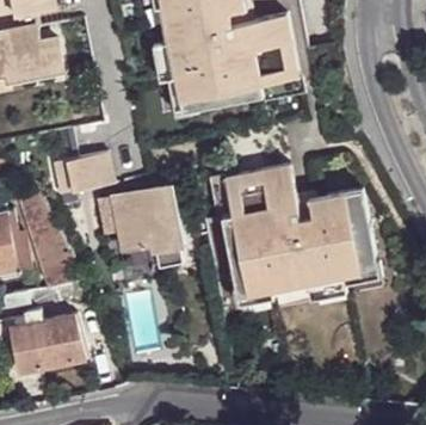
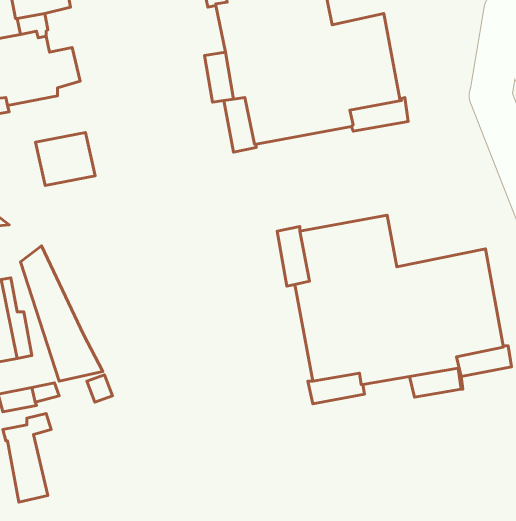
building: [67,153,111,192] -> [35,132,95,186]
building: [115,186,185,272] -> none
building: [29,315,85,371] -> none

